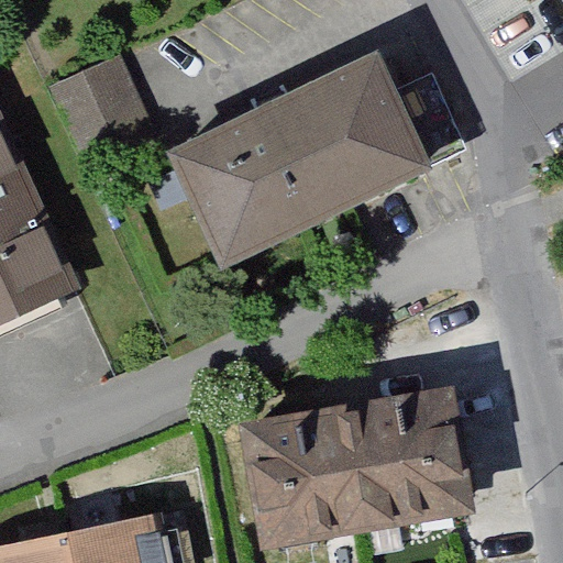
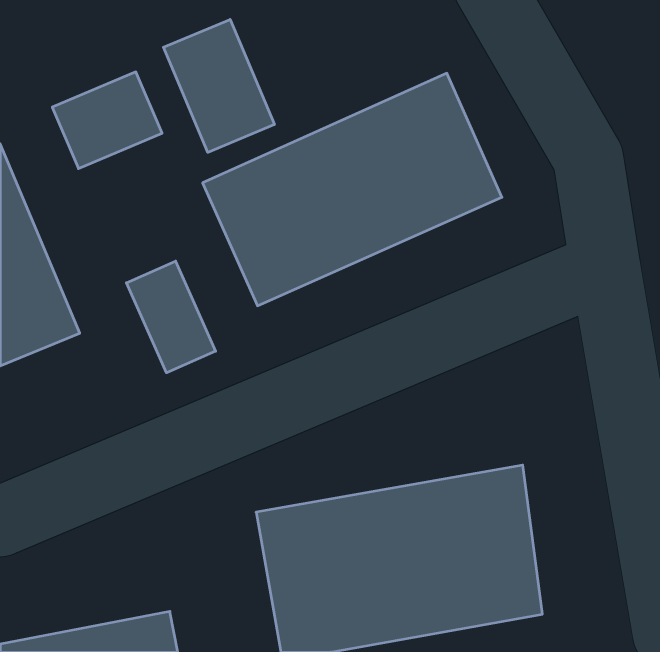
building: none -> [163,19,274,152]
building: none -> [126,261,216,373]

